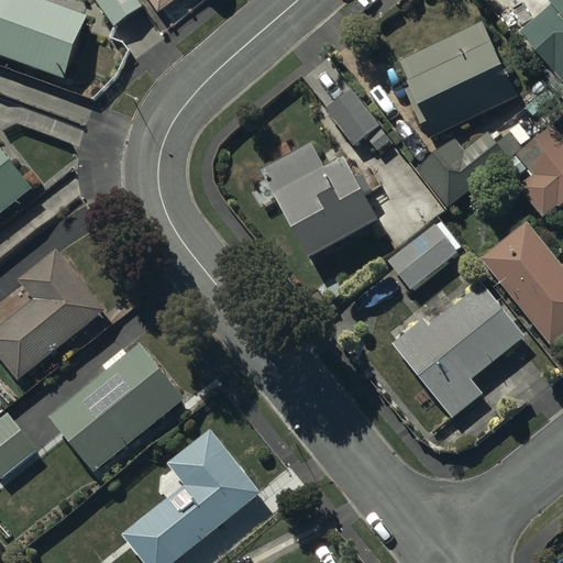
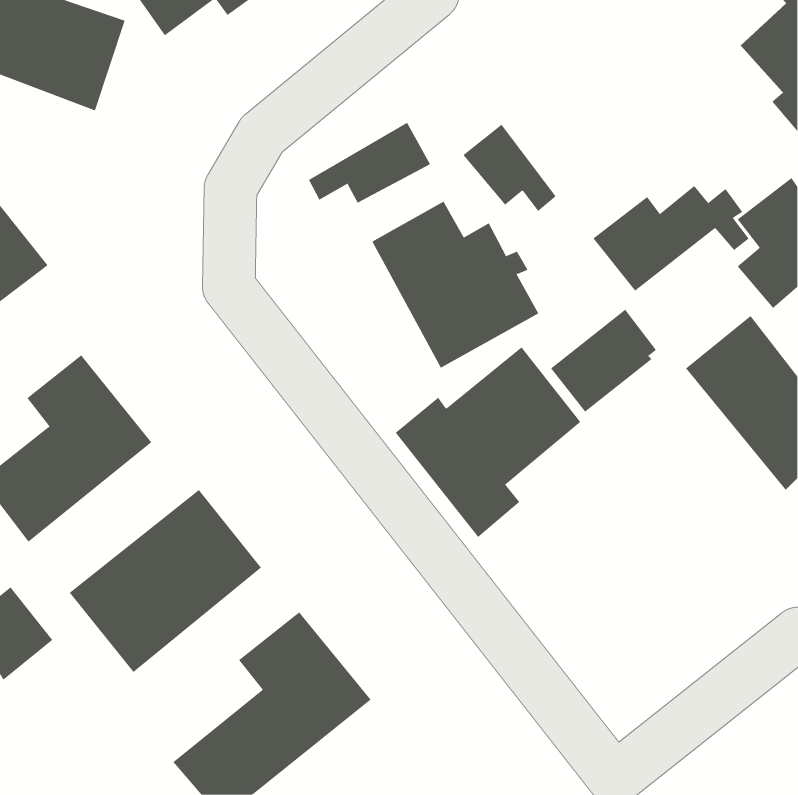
building: [396,19,518,139] -> none
building: none -> [308,122,431,203]
building: [393,283,523,417] -> [395,347,581,538]

